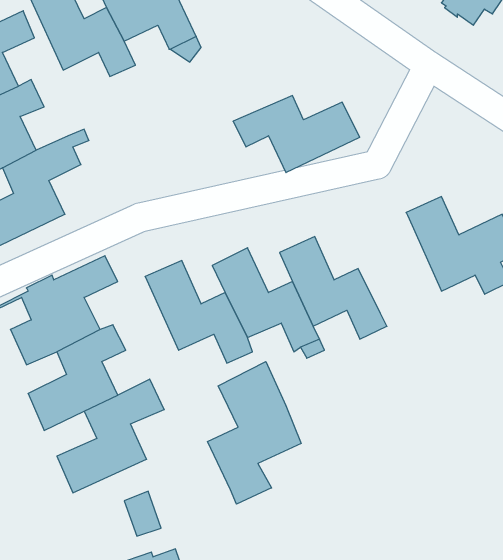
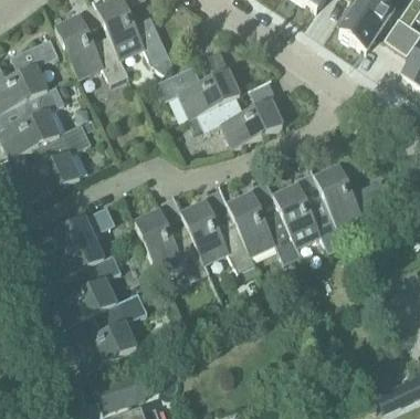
building: none -> [155,63,241,116]
building: none -> [274,177,347,250]
building: [207,362,301,504] -> none

